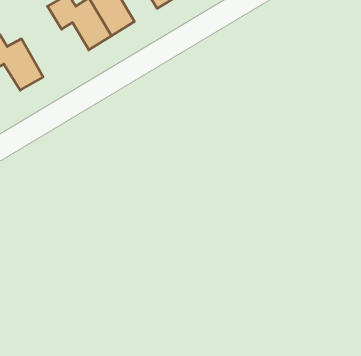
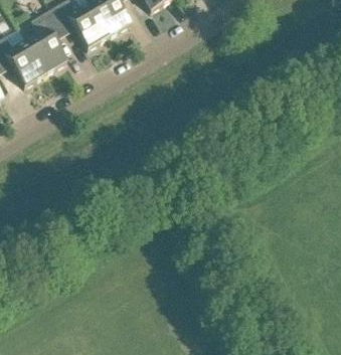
building: none -> [25,9,66,74]

